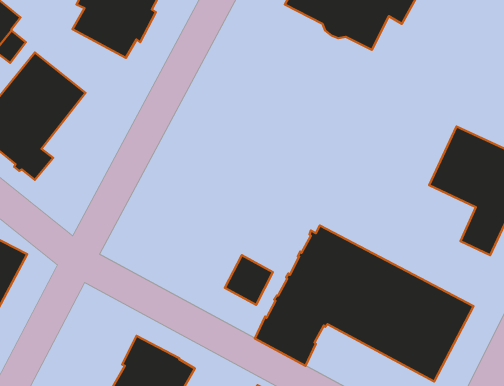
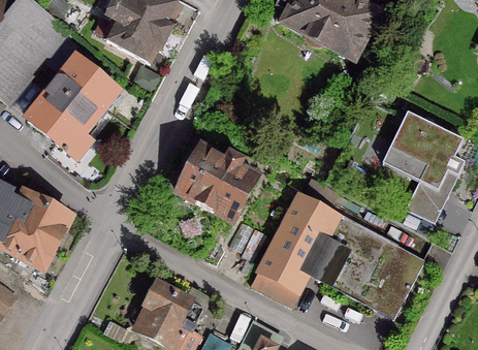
building: none -> [176,147,256,222]

